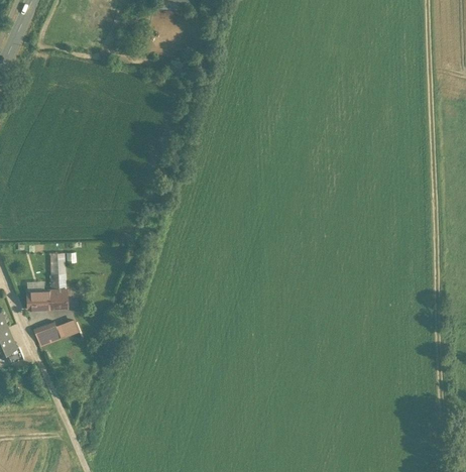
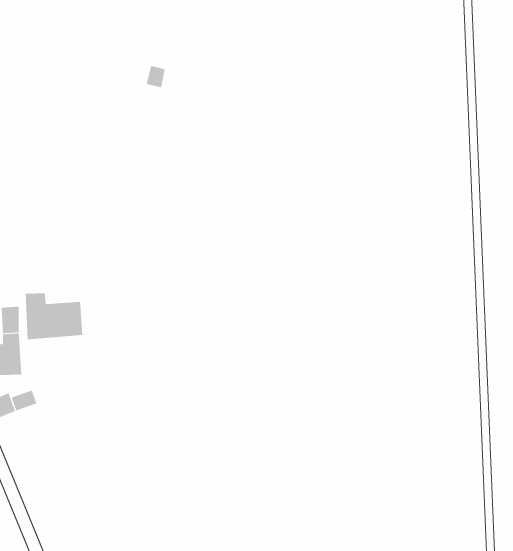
building: none -> [25,292,83,340]

